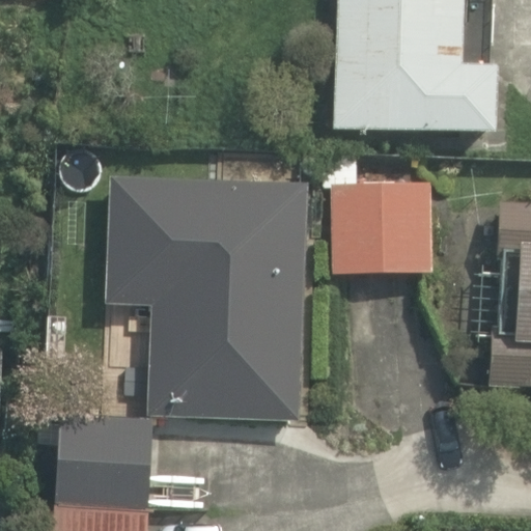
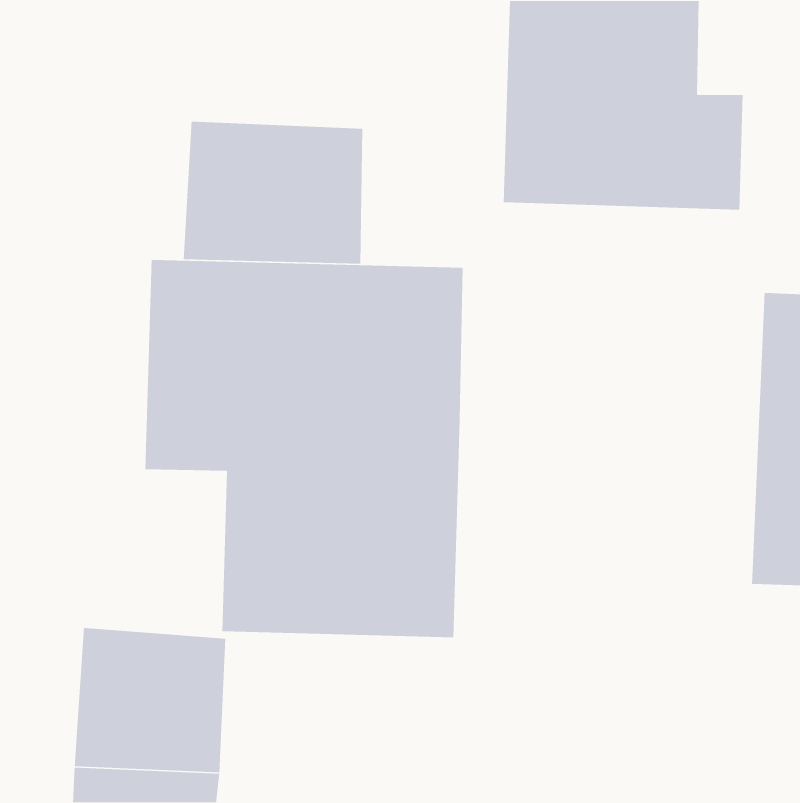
building: none -> [183,121,363,265]
building: [306,176,434,280] -> none

